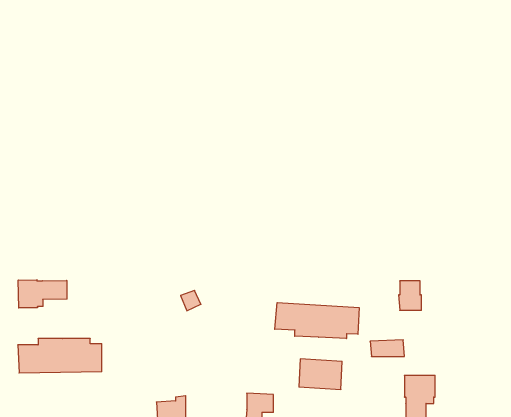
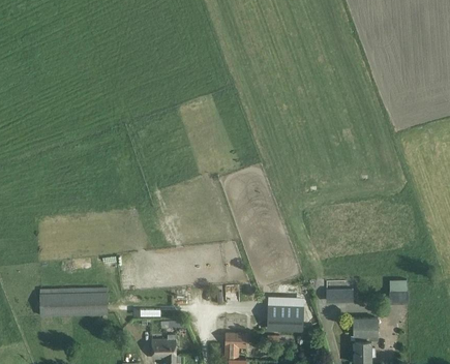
building: [18,280,67,308] -> none
building: [399,281,421,310] -> [389,280,408,304]
building: [275,303,359,339] -> none

